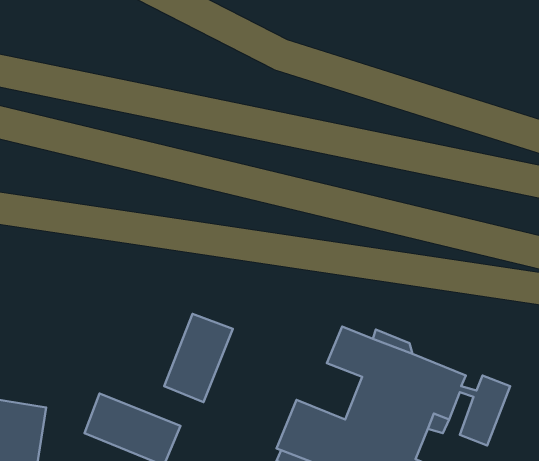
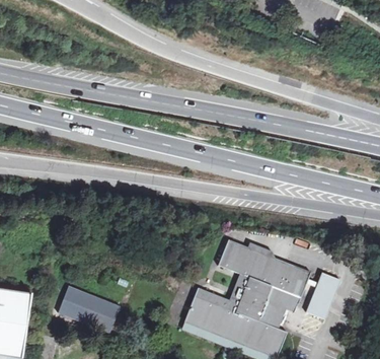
building: [164,314,233,402] -> none

